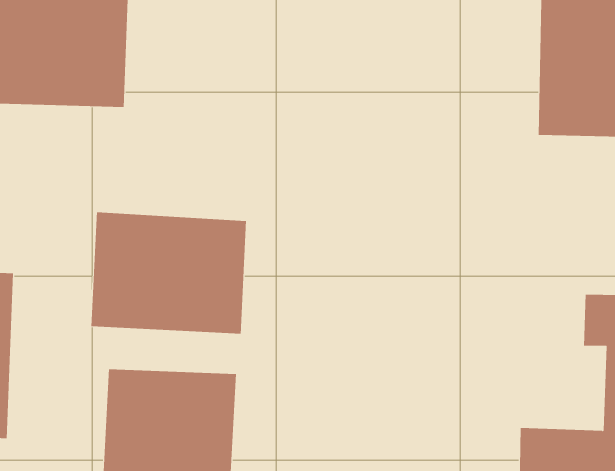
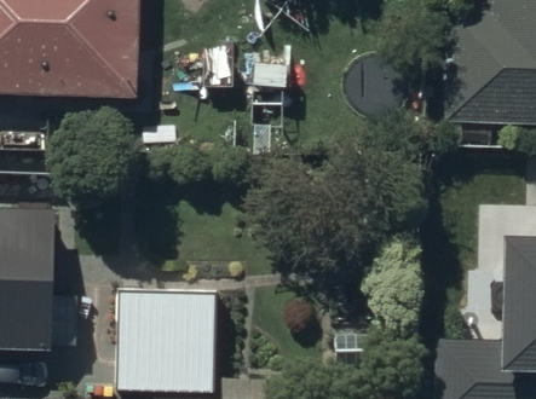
building: [91,211,247,334] -> none

